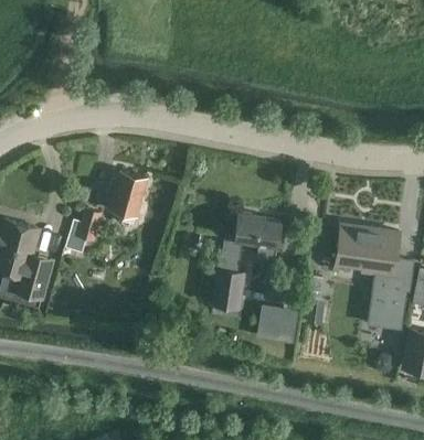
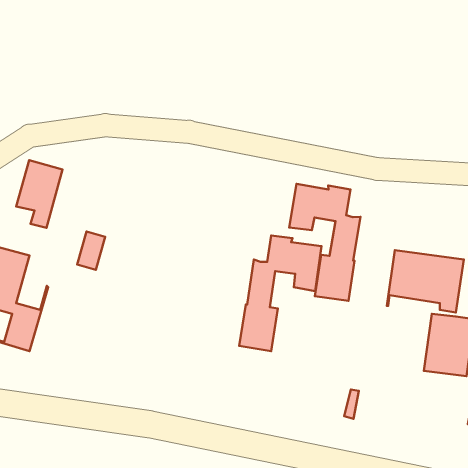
building: none -> [289,184,360,301]
building: [109,170,148,226] -> [16,160,63,228]
building: [256,307,299,346] -> none

